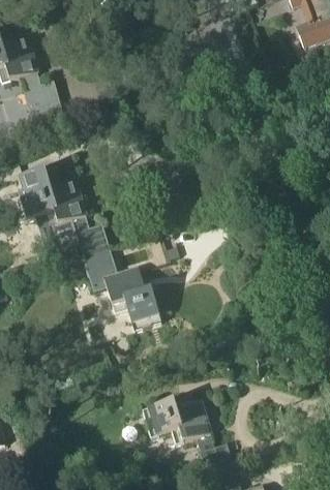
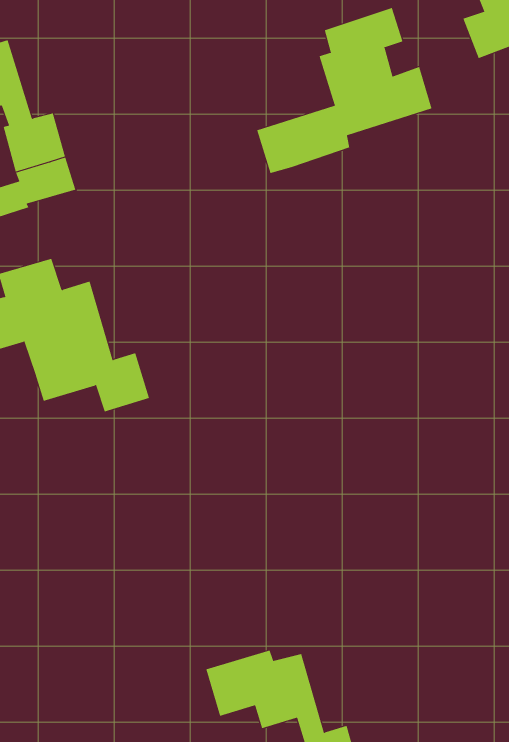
building: none -> [257,7,432,174]
building: [82,247,160,328] -> none

